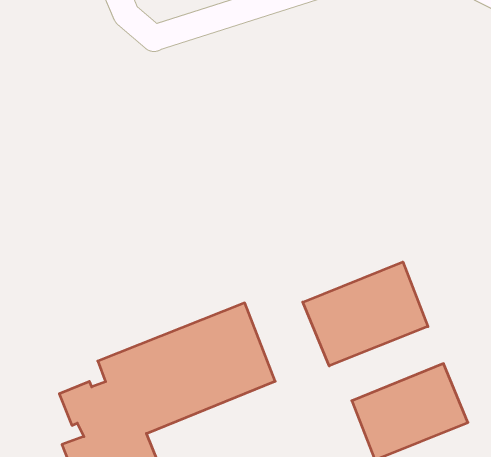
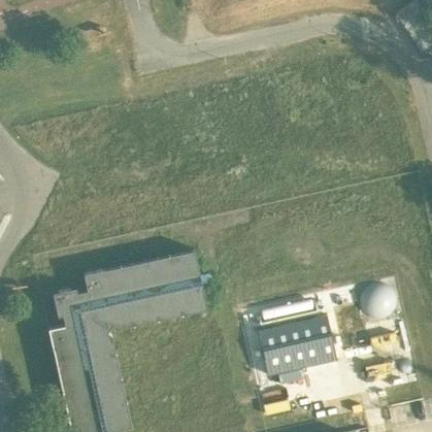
building: [303,262,428,366] -> none

